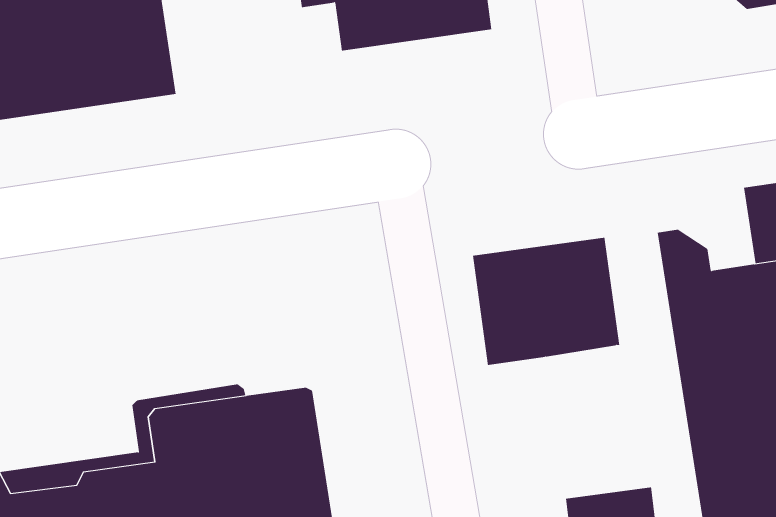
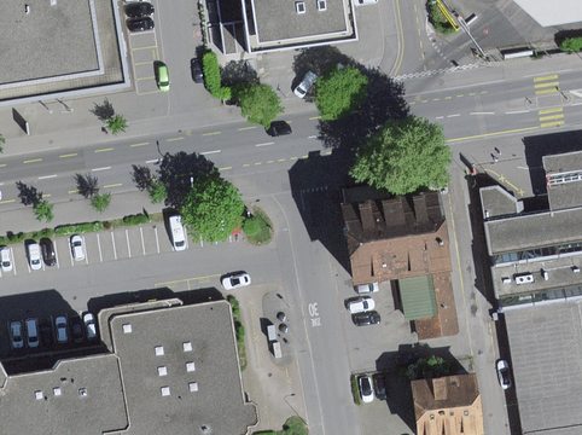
building: none -> [398,269,459,337]

